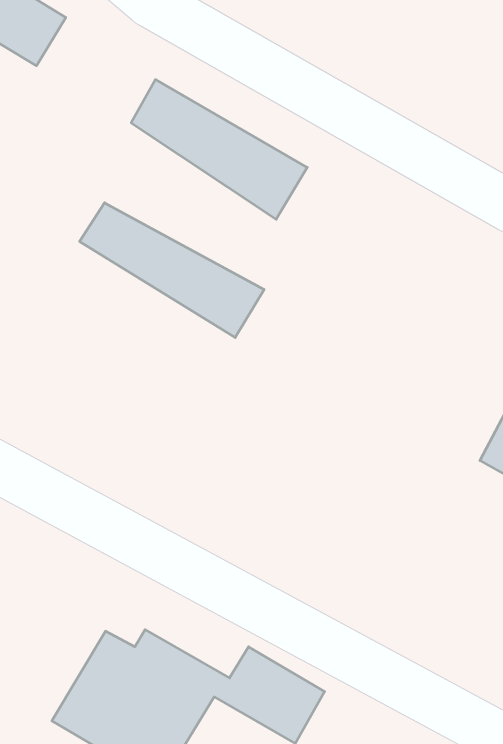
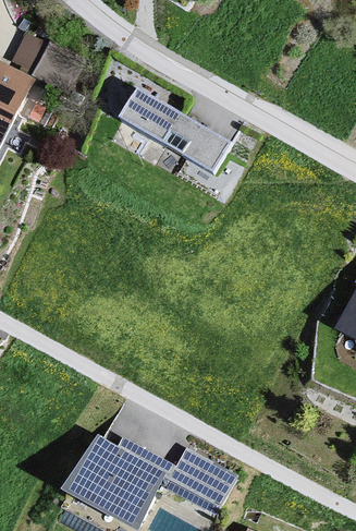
building: [80,203,264,338] -> none

